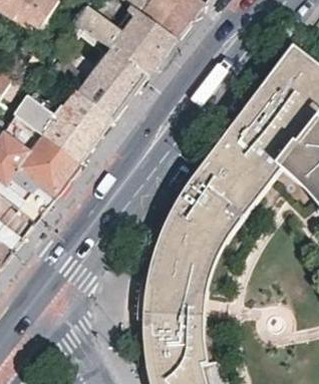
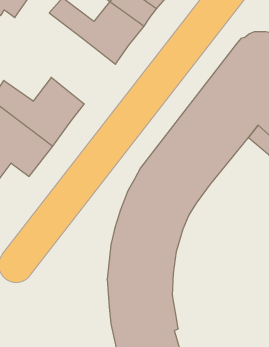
building: [78,50,146,120] -> none

